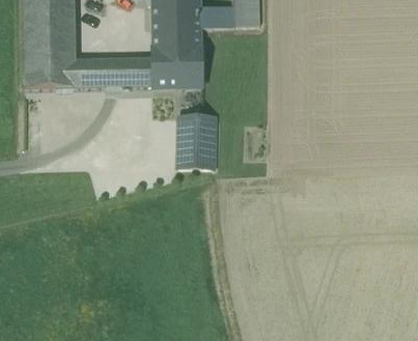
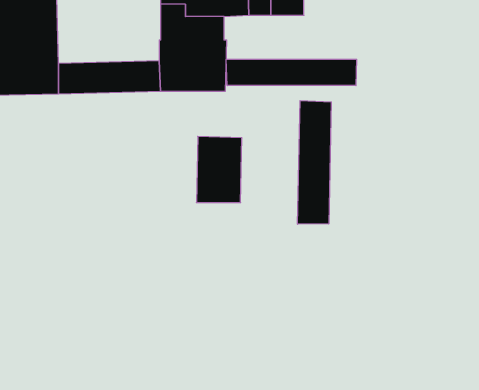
building: none -> [226,59,357,86]
building: none -> [298,101,331,224]

